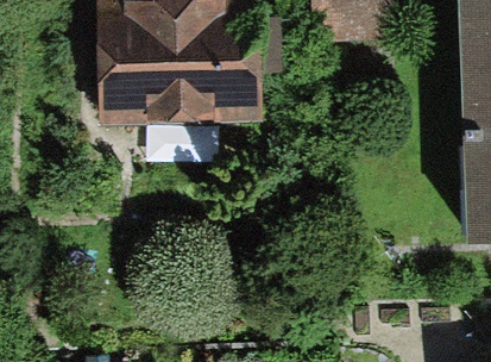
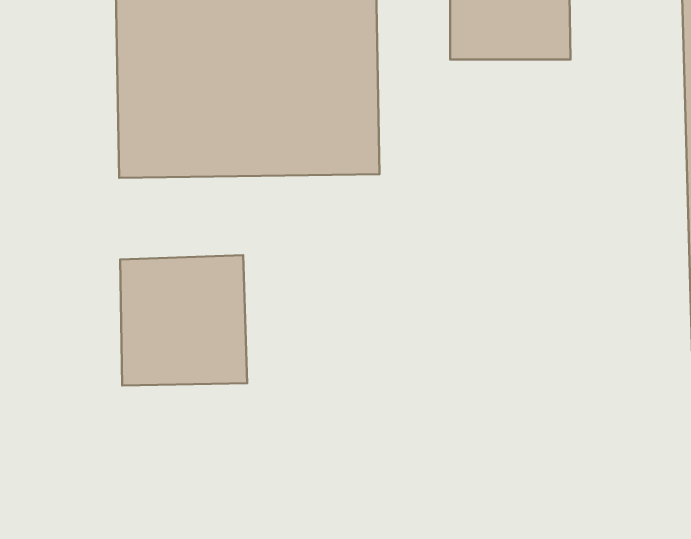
building: none -> [120,255,247,385]

